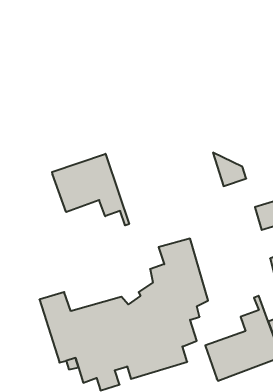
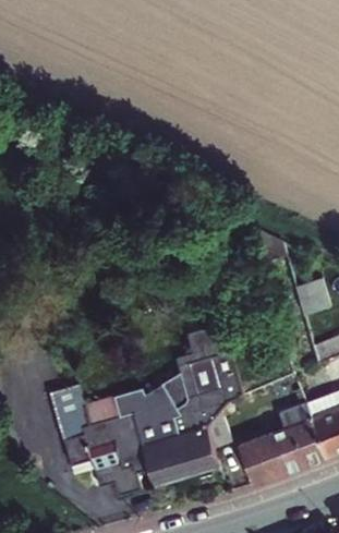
building: [52,154,129,225] -> none

